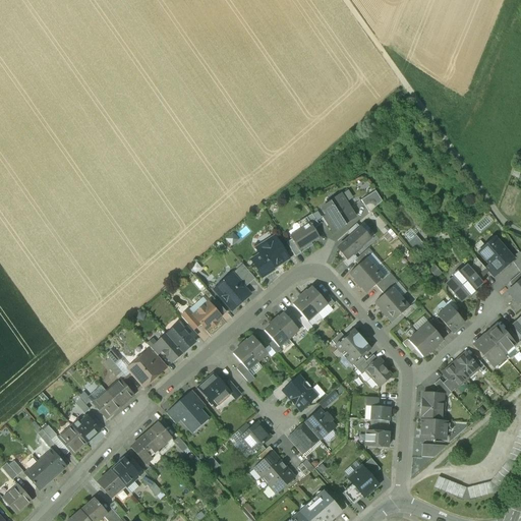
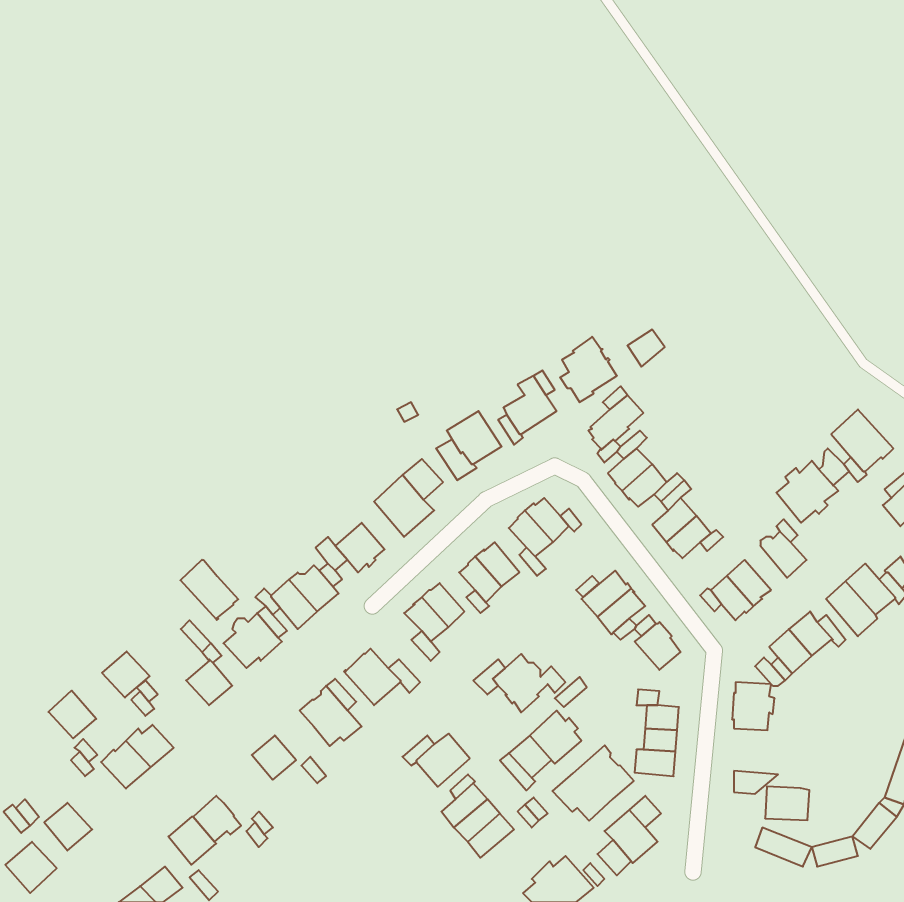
building: none -> [180,560,238,620]
building: [94,391,121,417] -> [102,651,150,698]
building: [421,418,447,438] -> [765,786,809,820]
building: none -> [552,745,634,821]
building: [131,433,158,462] -> none
building: [40,449,67,476] -> [48,691,96,738]

